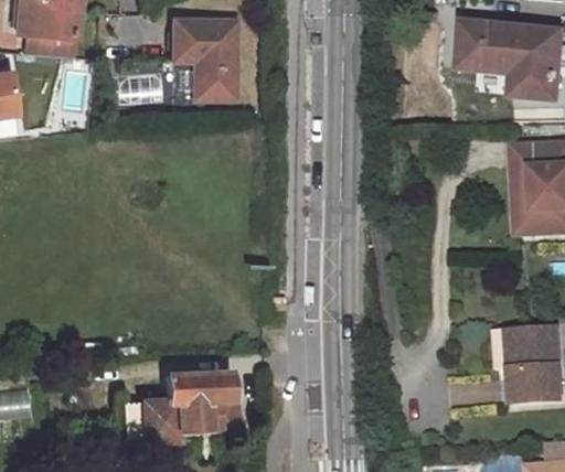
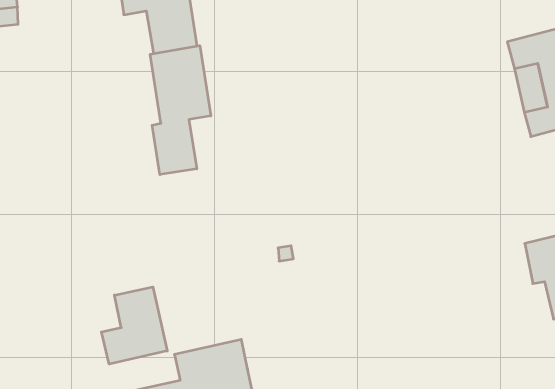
building: none -> [150,46,211,175]
building: none -> [101,287,167,364]

